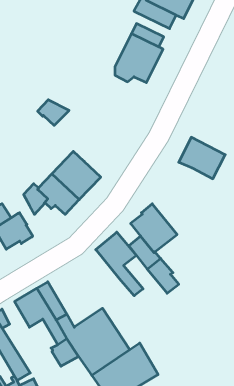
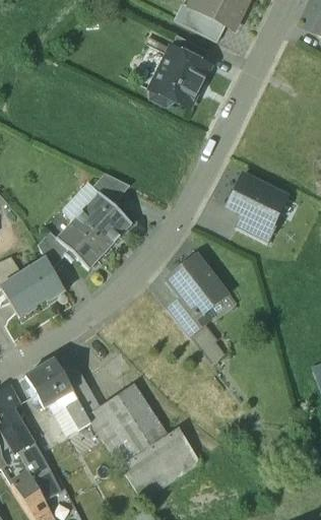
building: [38,100,69,125] -> [91,173,130,204]
building: none -> [236,212,274,243]
building: none -> [30,258,64,301]
building: [96,232,143,296] -> none

